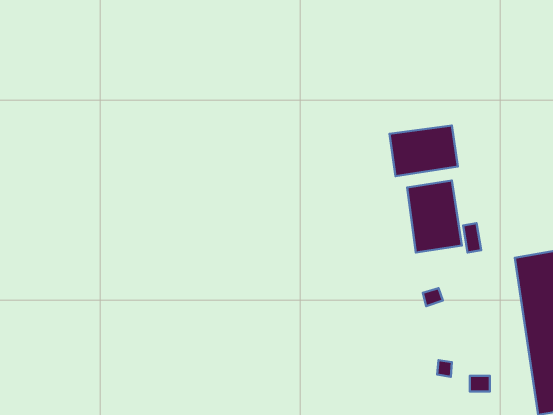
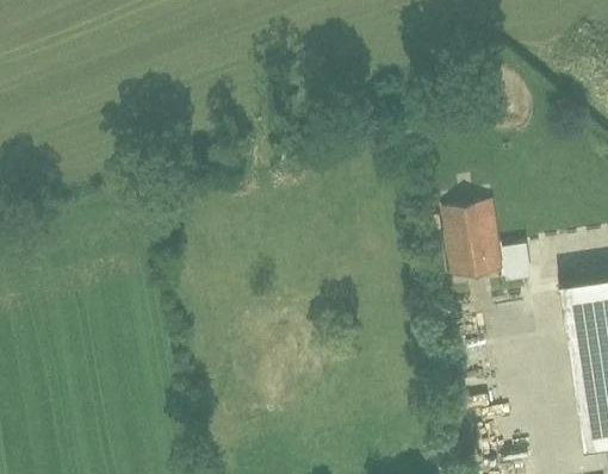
building: [389,125,458,176] -> none

